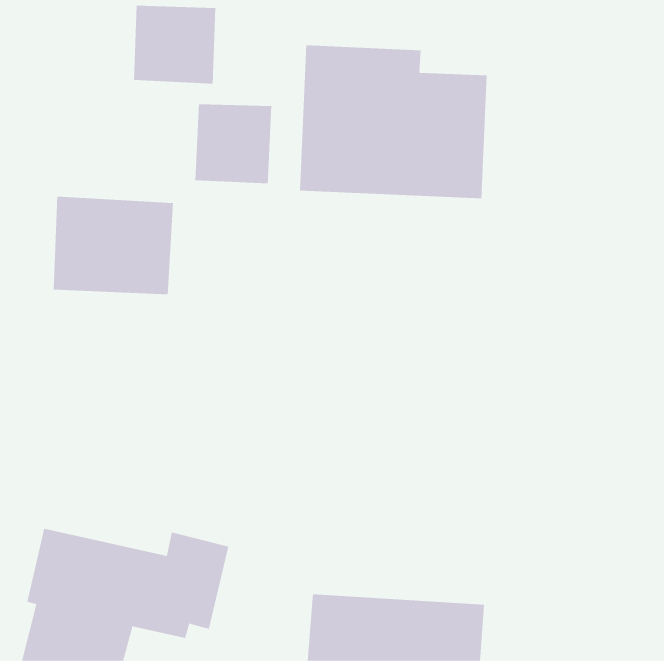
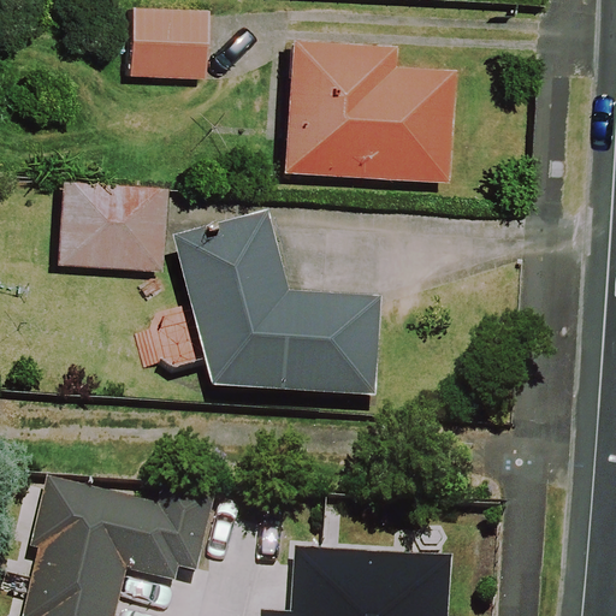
building: [195,103,272,184] -> none
building: none -> [173,218,384,401]

